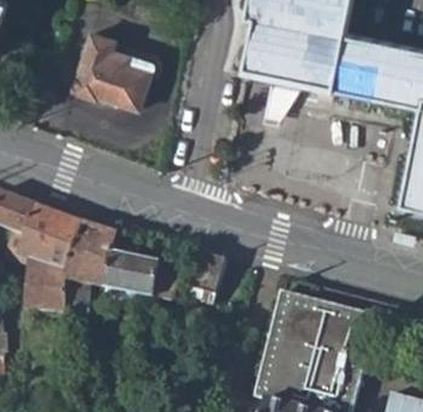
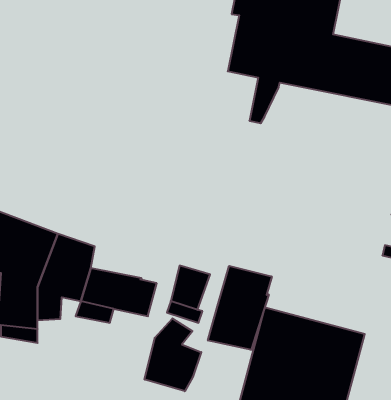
building: [67,30,149,107] -> none
building: none -> [208,266,272,350]
building: none -> [145,318,201,391]

